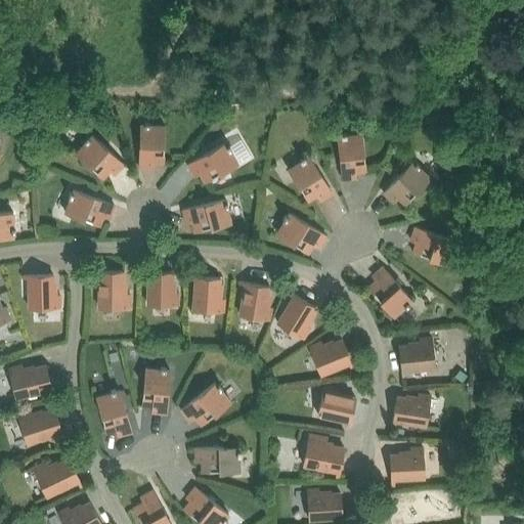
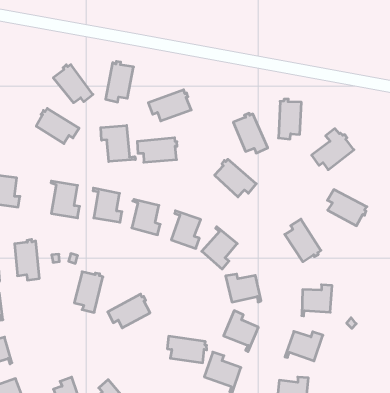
building: none -> [101,125,135,162]
building: [97,390,132,437] -> [15,239,39,280]
building: [195,447,242,473] -> [167,336,207,363]

